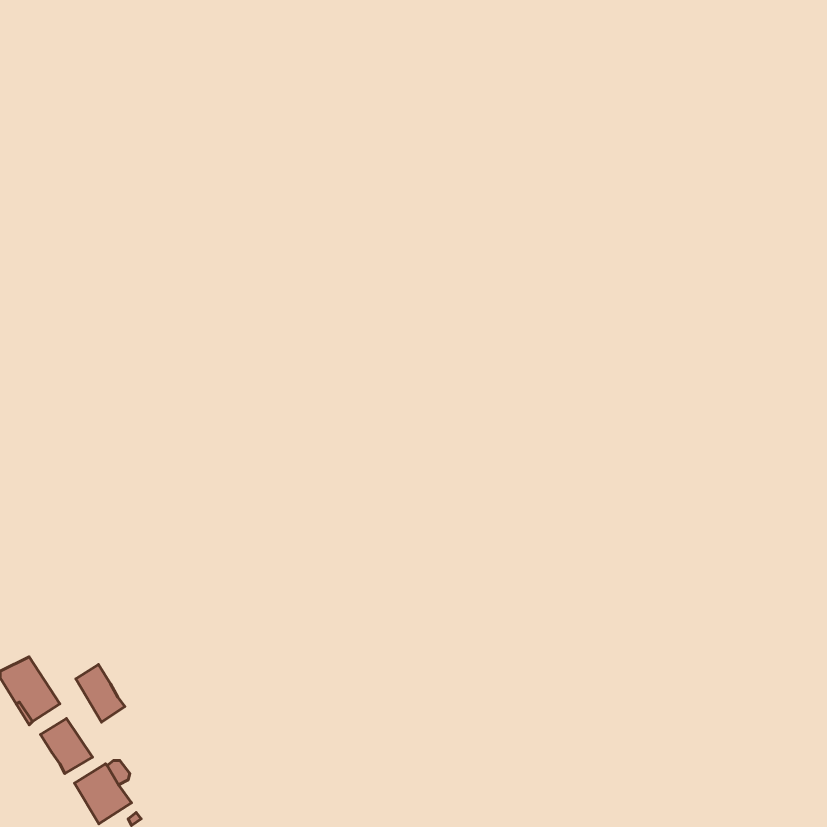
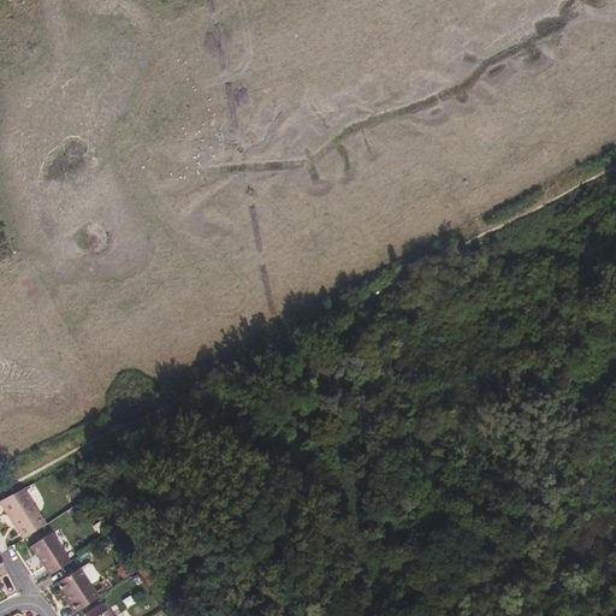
building: [76,665,125,722] -> none

